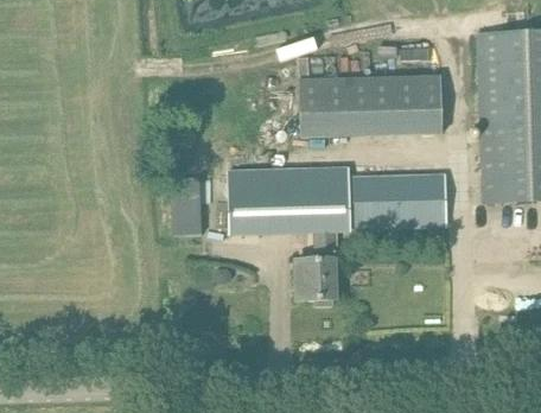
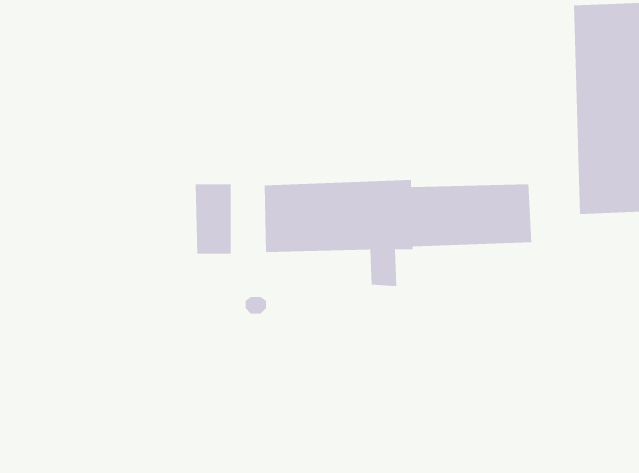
building: [300,74,441,136] -> none
building: [294,258,335,299] -> none

